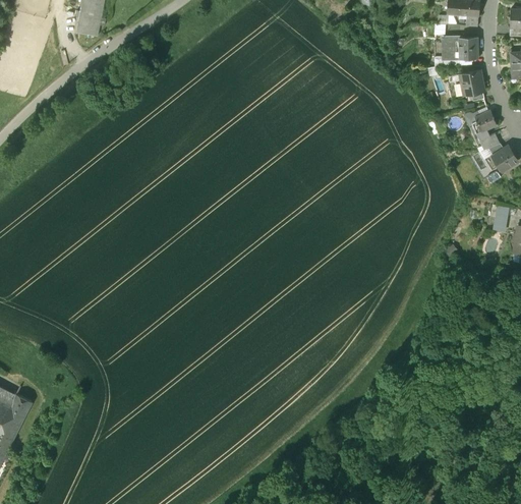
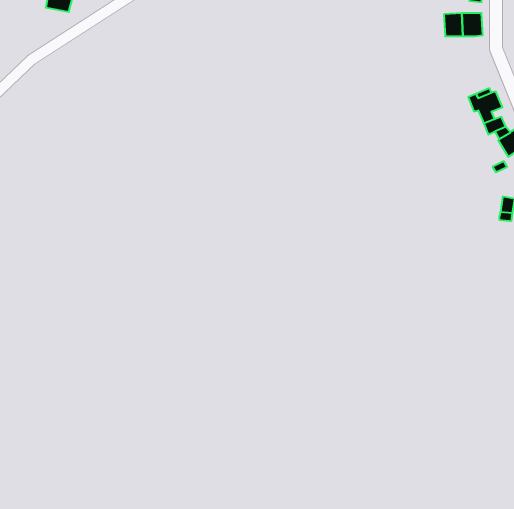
building: [461,70,483,94] -> none

